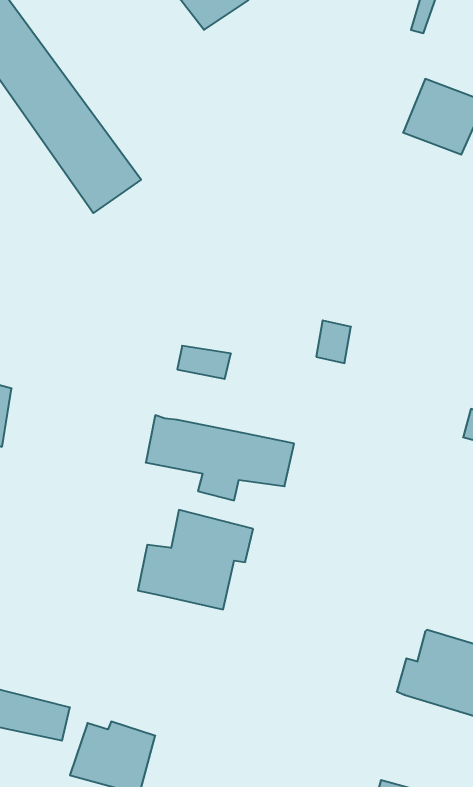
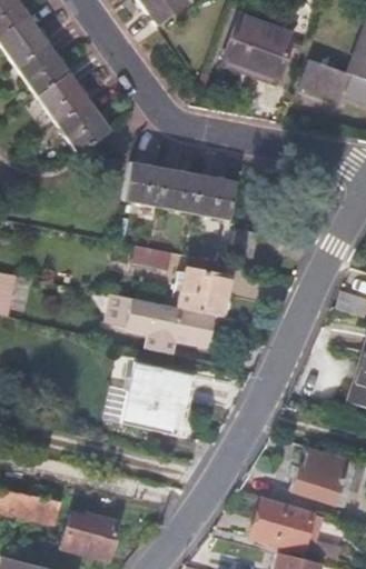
building: none -> [221,16,291,77]
building: none -> [123,162,236,220]
building: none -> [180,268,231,317]
building: none -> [250,498,324,550]

